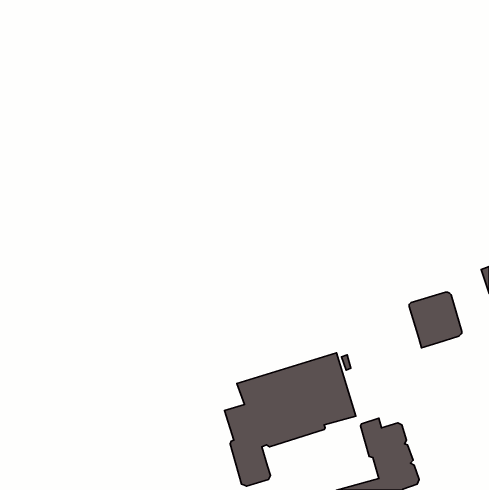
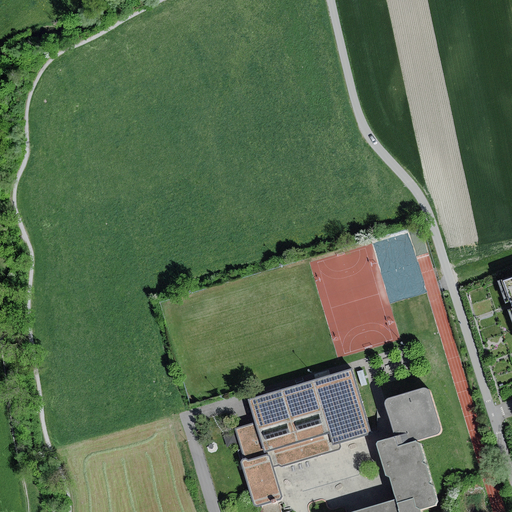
building: [409,292,462,348] -> [385,388,440,446]

